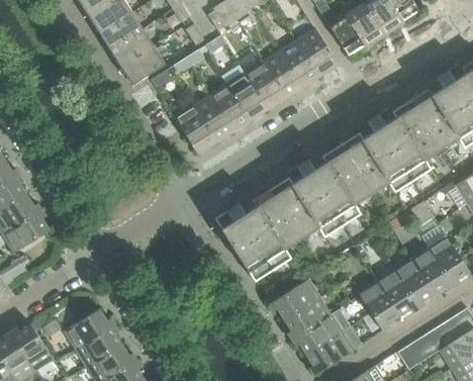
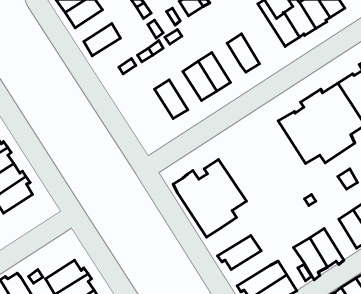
building: [99,12,143,50] -> none
building: [296,28,337,76] -> none
building: [119,45,165,85] -> none
building: [261,52,301,98] -> none
building: [210,85,249,130] -> none
building: [175,106,215,153] -> none
building: [269,144,372,239] -> none
building: [394,260,433,308] -> none
building: [284,297,330,339] -> none

